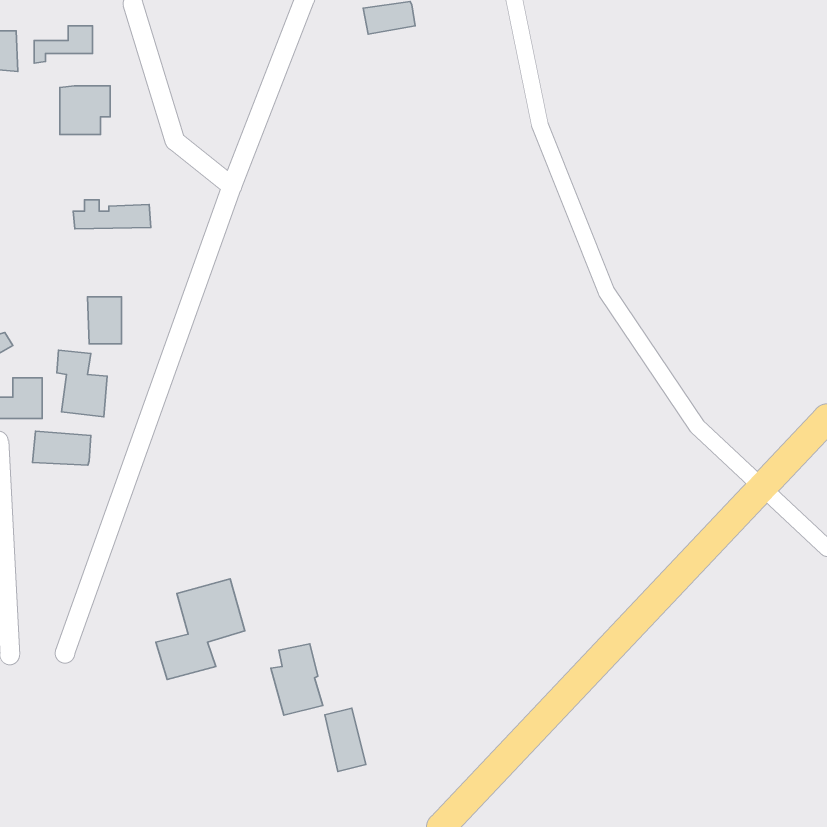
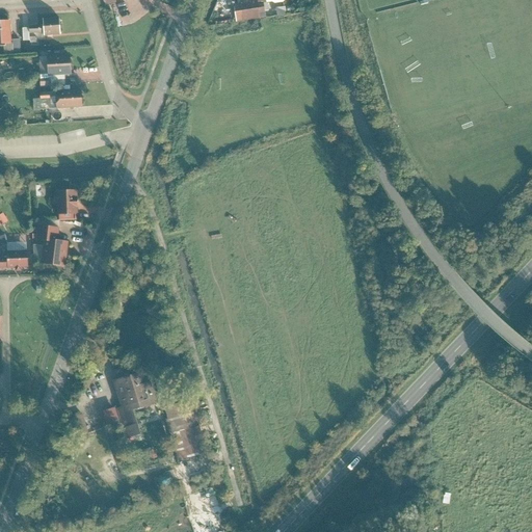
building: [73,200,151,229] -> [33,90,83,109]
building: [32,431,91,465] -> none
building: [325,708,366,771] -> none

